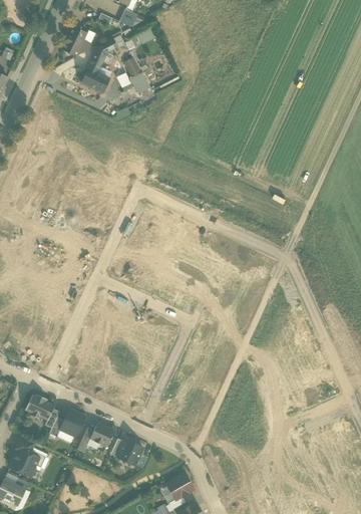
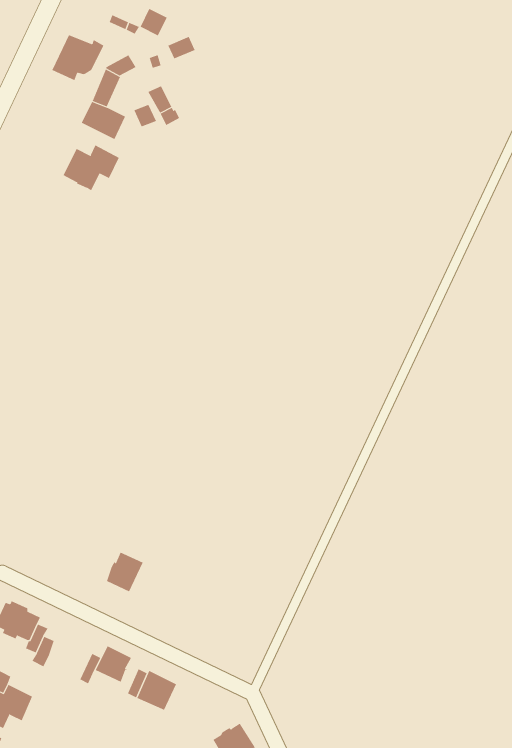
building: none -> [63,145,119,191]
building: [60,411,84,437] -> [106,552,143,592]

